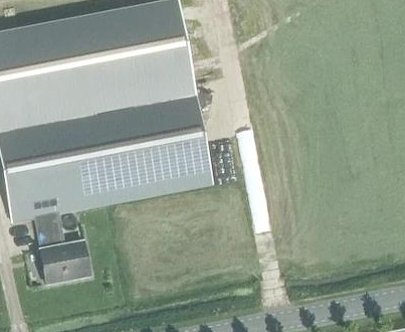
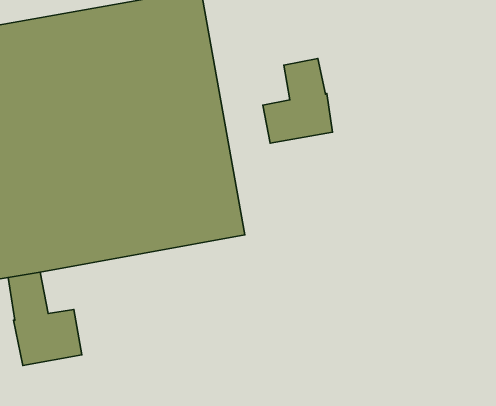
building: none -> [263,59,333,143]

